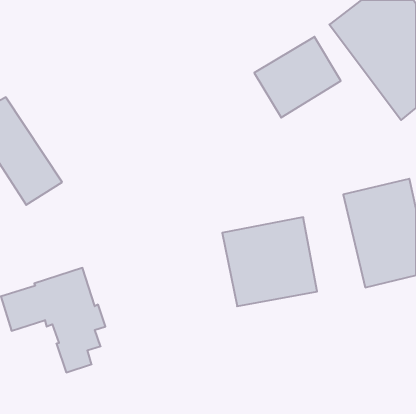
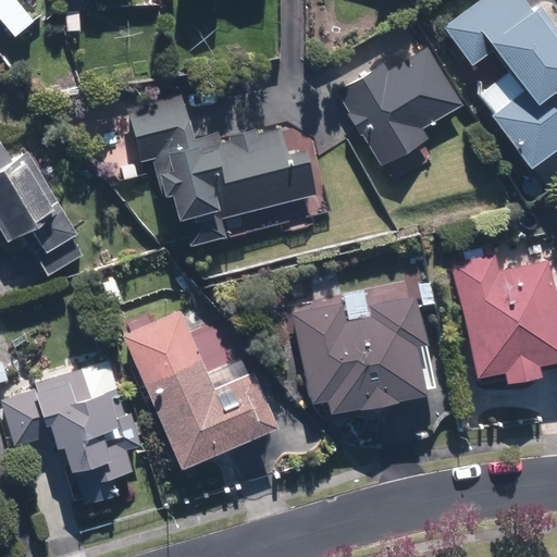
building: none -> [128,101,319,237]
building: none -> [127,310,273,462]

